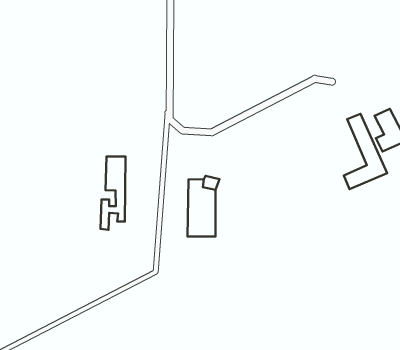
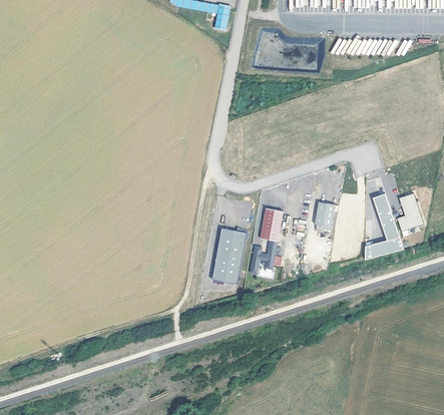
building: none -> [314,200,335,227]
building: [100,156,126,230] -> [250,208,283,274]

